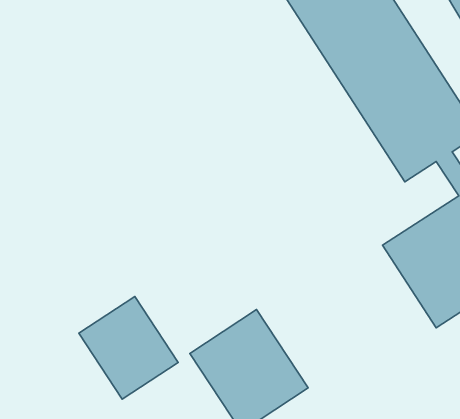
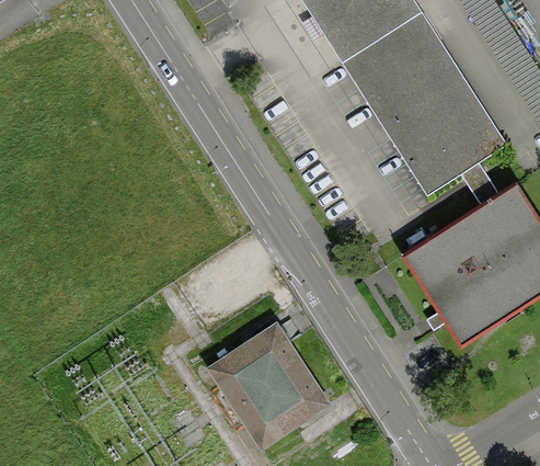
building: [79,297,178,399] -> none

